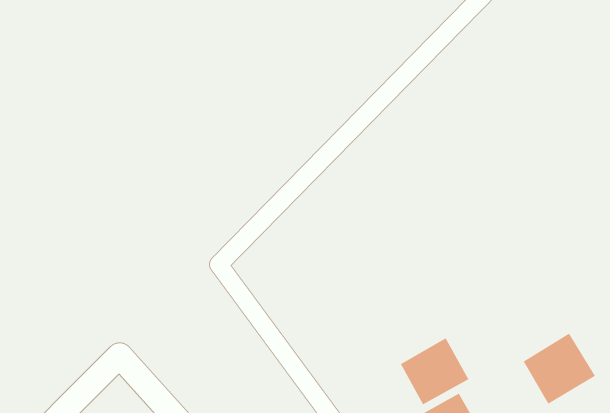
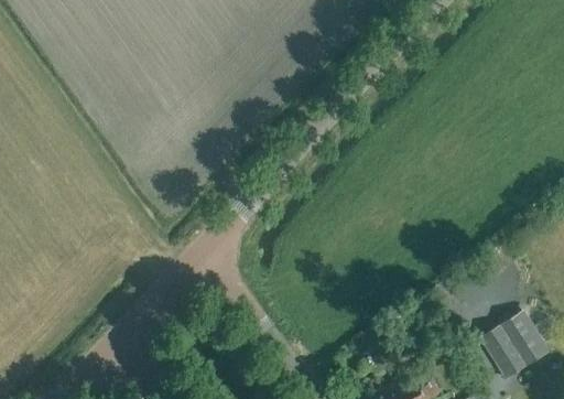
building: [400,338,469,405] -> none

